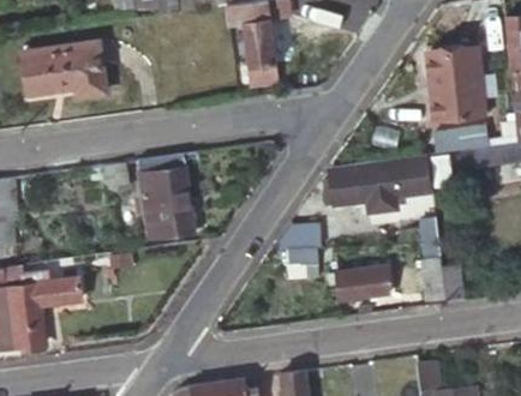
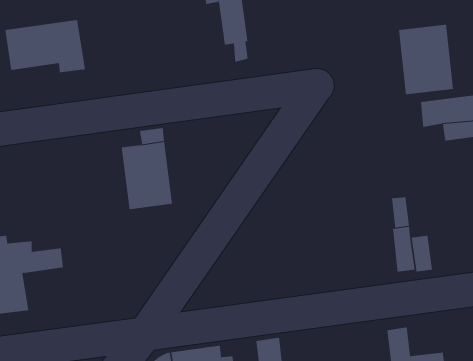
building: [327,160,429,205] -> none
building: [283,223,319,278] -> none
building: [336,264,390,298] -> none

